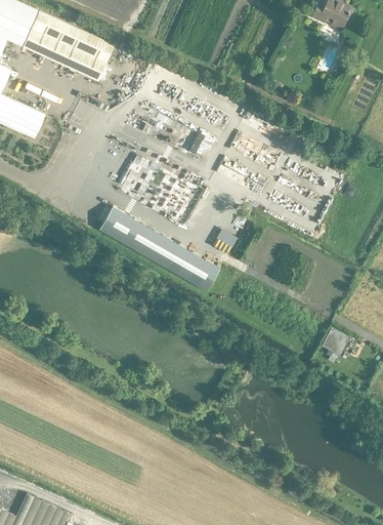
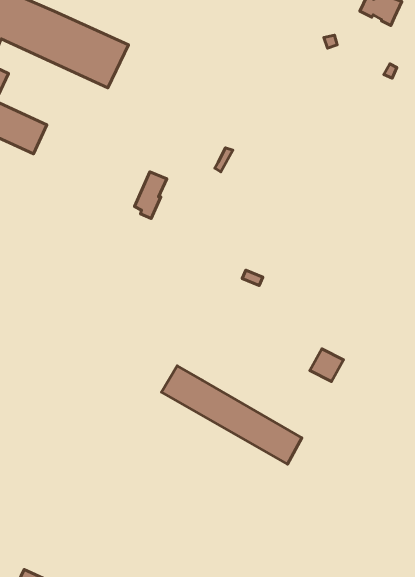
building: [98,207,218,291] -> [162,366,302,464]
building: [322,326,350,354] -> [310,349,343,381]

